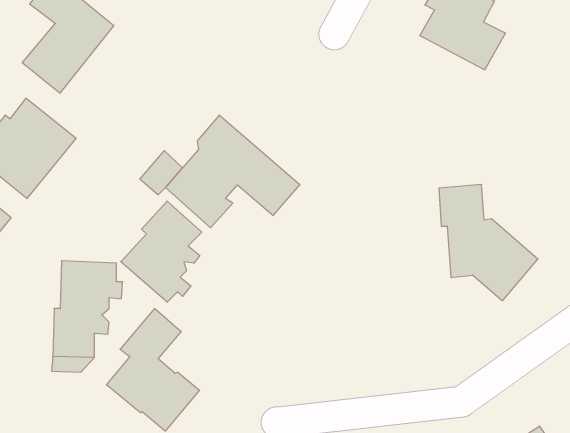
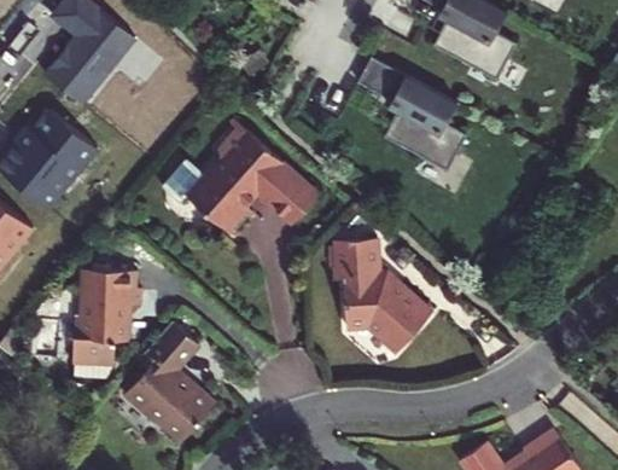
building: none -> [361,58,470,172]
building: [439,185,538,301] -> [331,236,428,350]
building: [121,201,202,302] -> none

